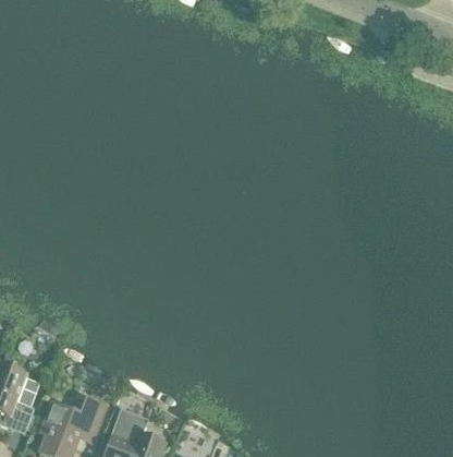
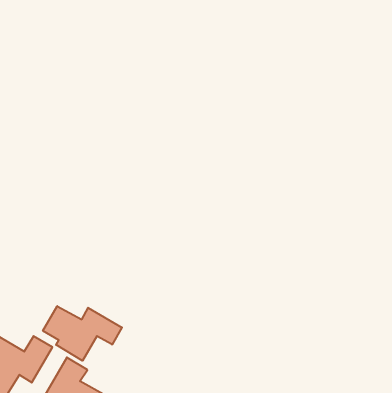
building: none -> [43,306,122,361]

